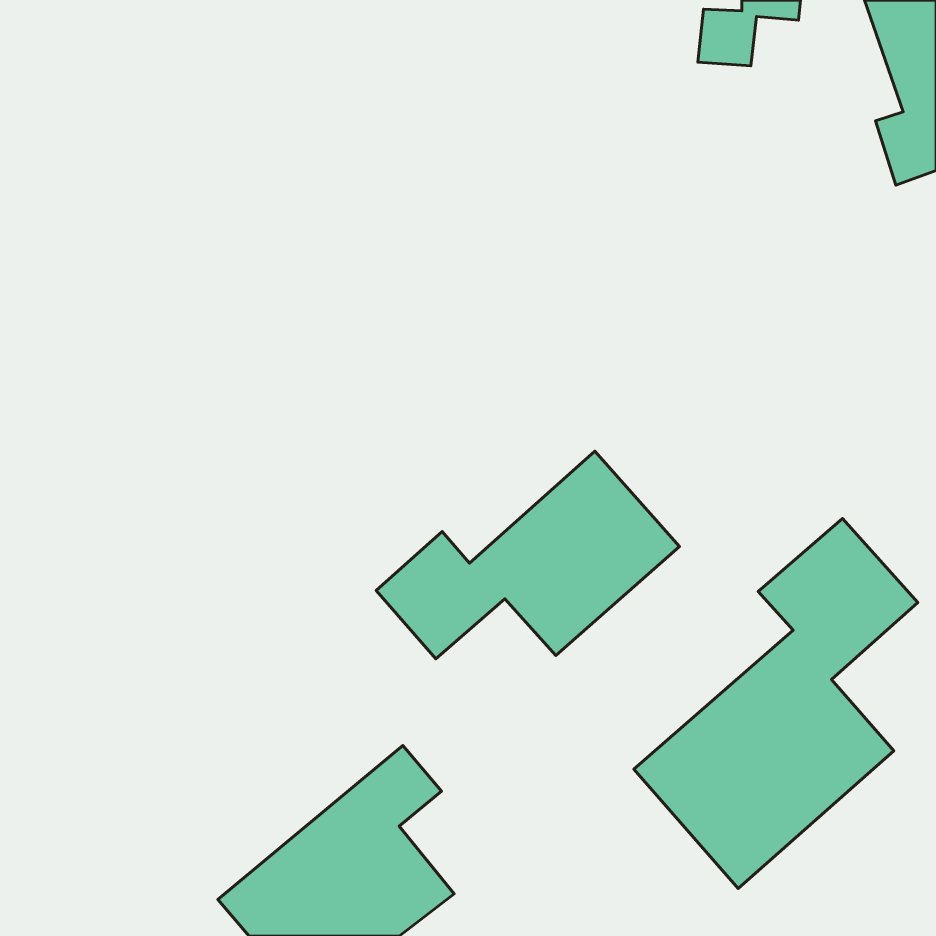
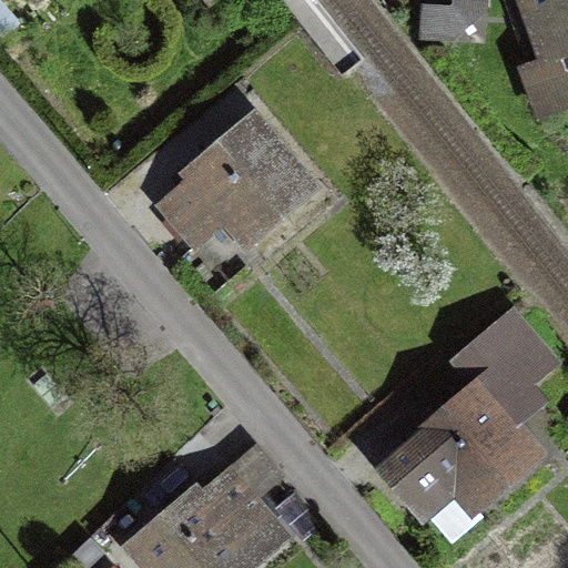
building: none -> [161,123,307,243]
building: [376,451,679,659] -> none

